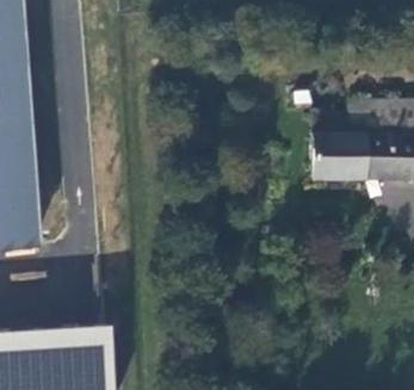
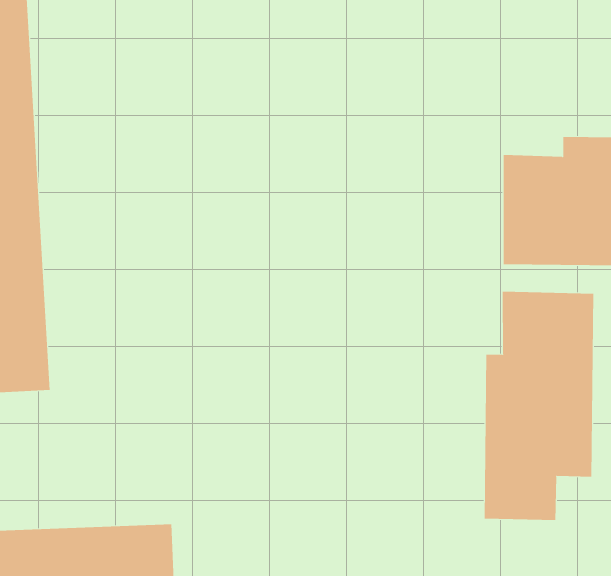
building: none -> [484,291,594,521]

